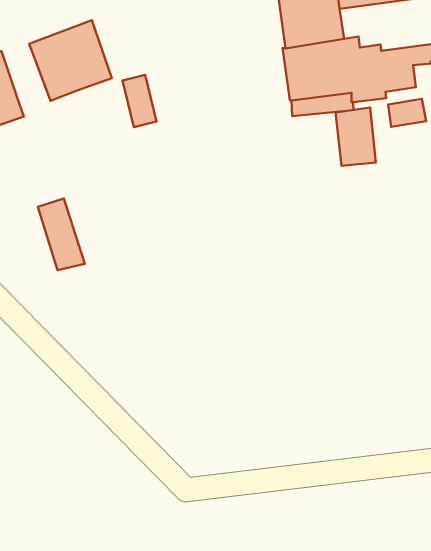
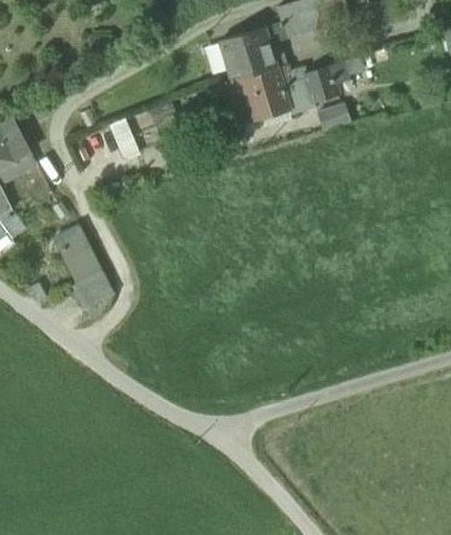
building: [29,20,112,101] -> none
building: [336,108,376,166] -> none
building: none -> [72,272,112,307]

